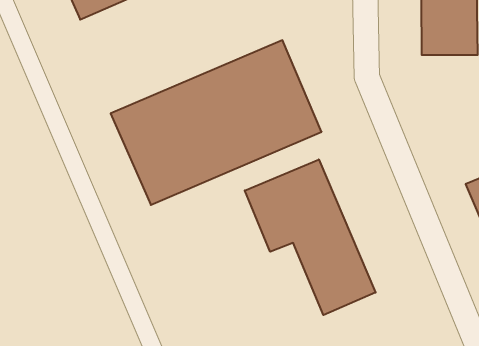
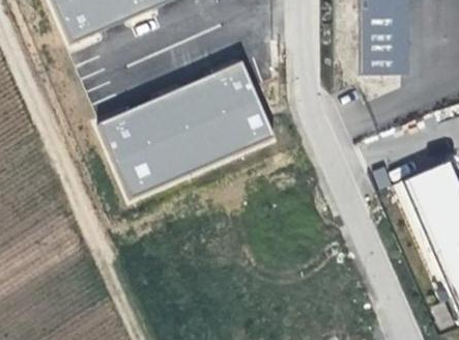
building: [245,159,376,315] -> none

